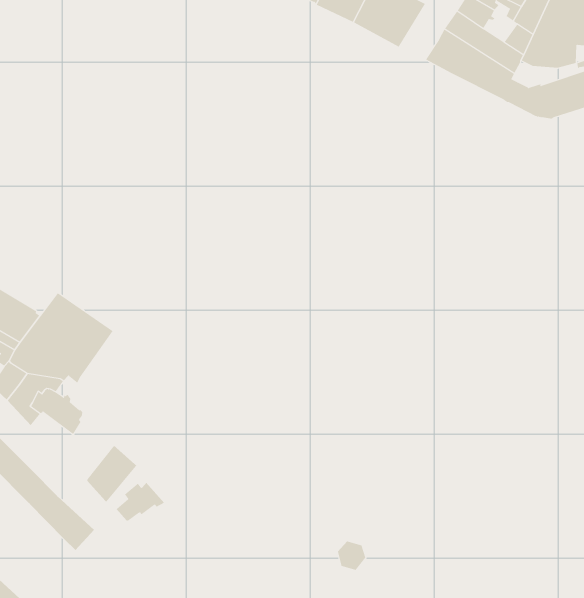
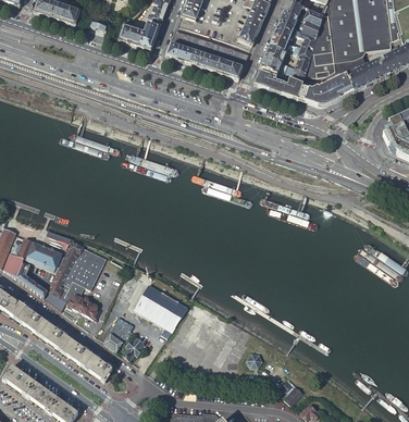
building: none -> [134,282,187,333]

